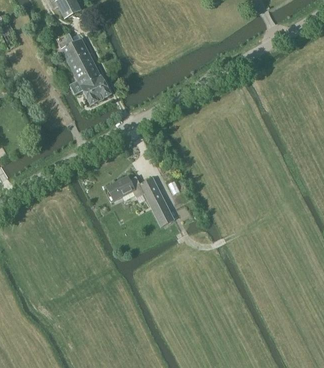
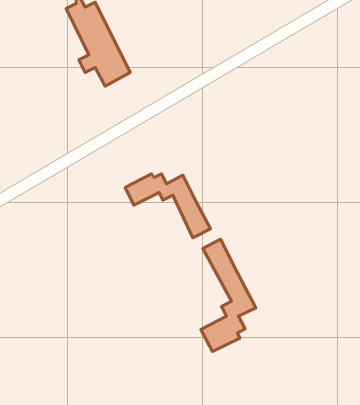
building: none -> [201,239,256,352]

